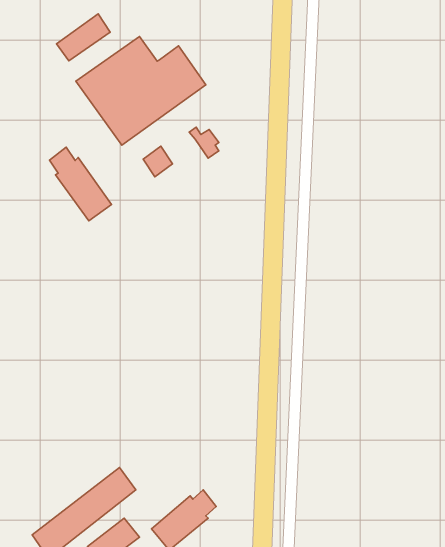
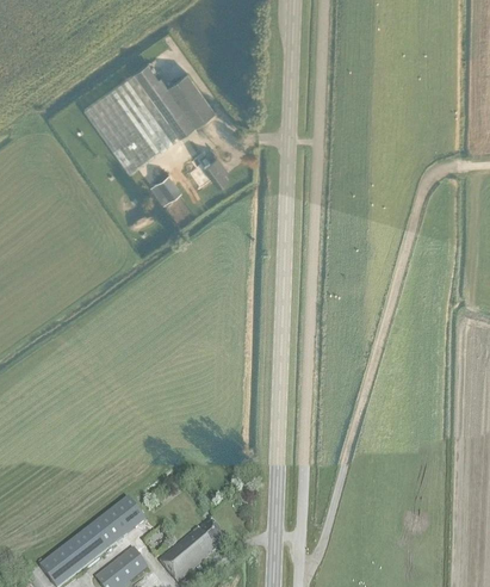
building: [57,14,110,61] -> none
building: [49,147,111,221] -> none

